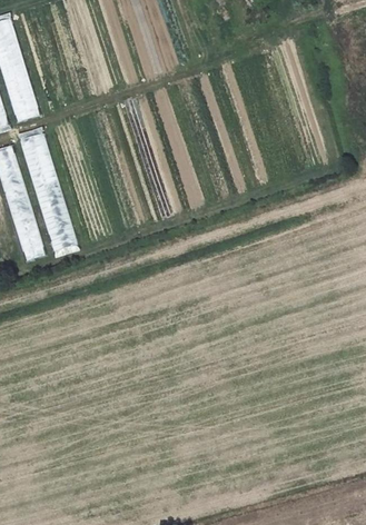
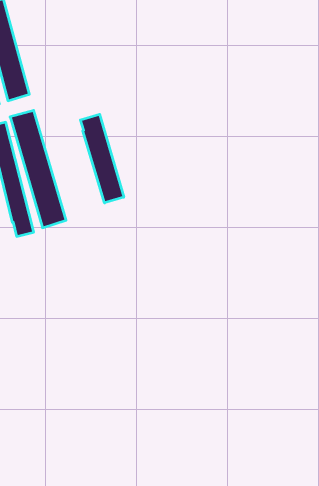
building: none -> [80,114,124,203]

